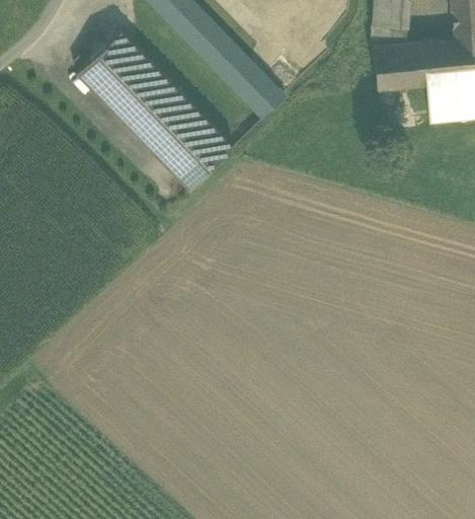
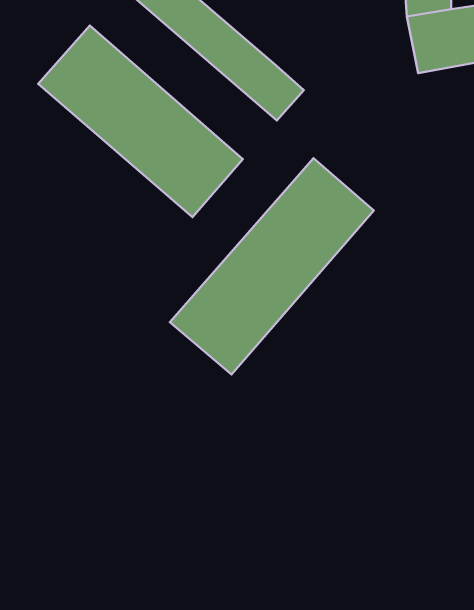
building: none -> [170,158,374,374]

